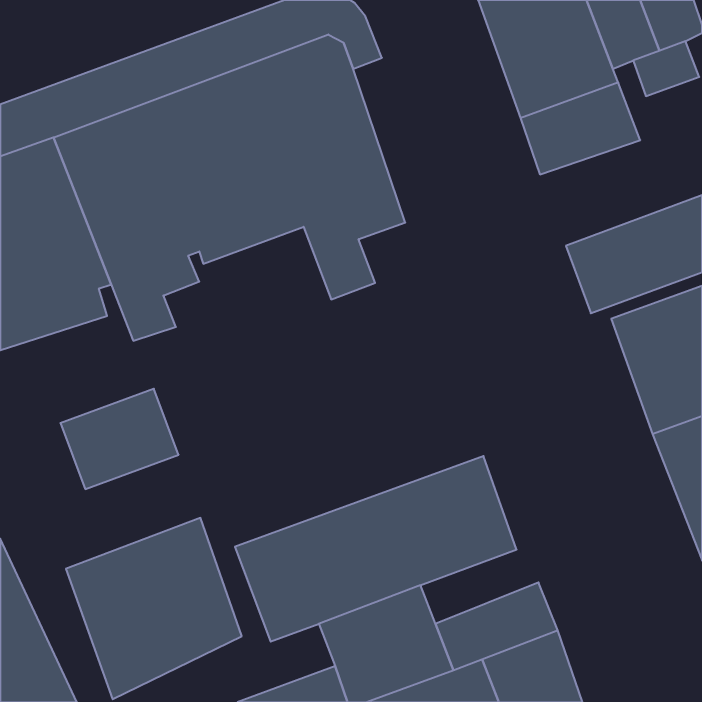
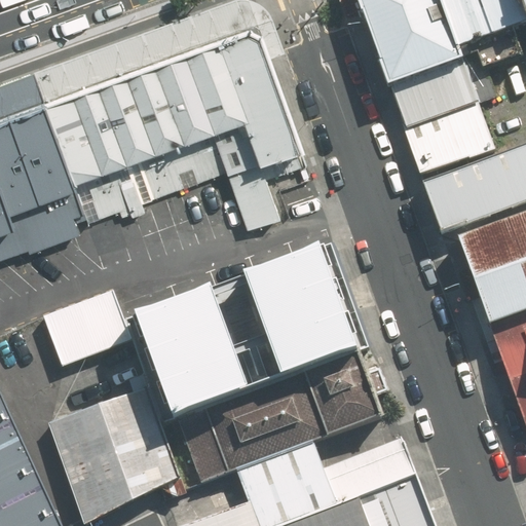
building: none -> [404,105,497,178]
building: none -> [139,241,362,409]

